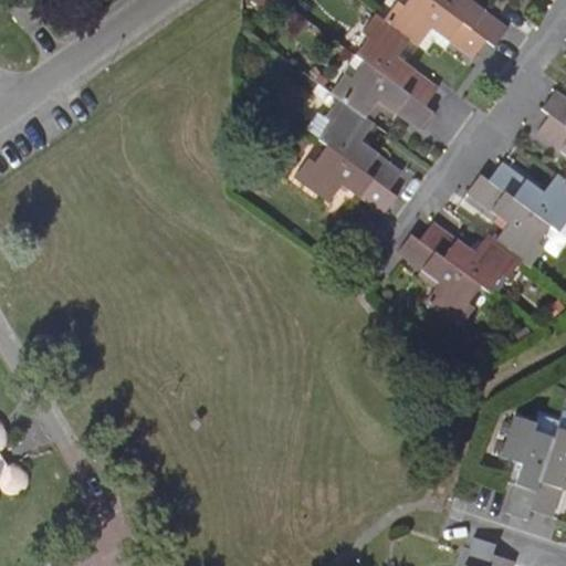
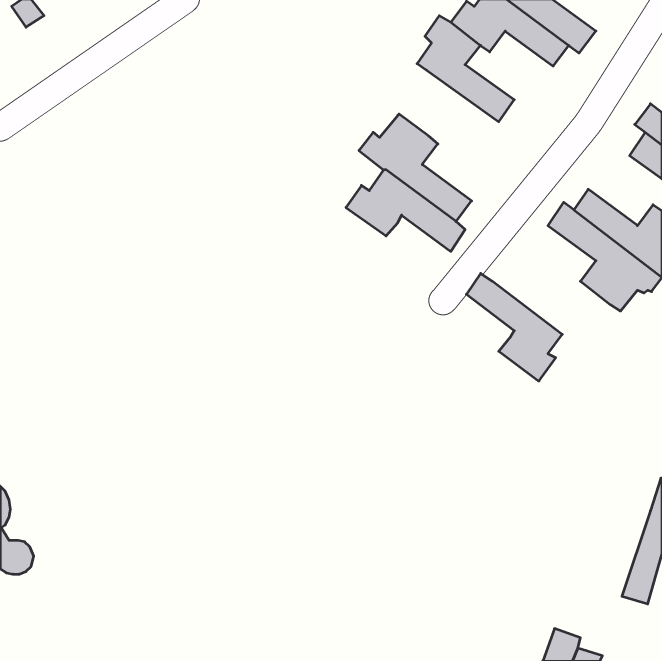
building: [331,60,433,129] -> none
building: [420,222,521,291] -> none
building: [501,416,555,518] -> none

